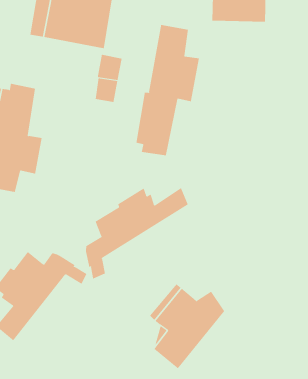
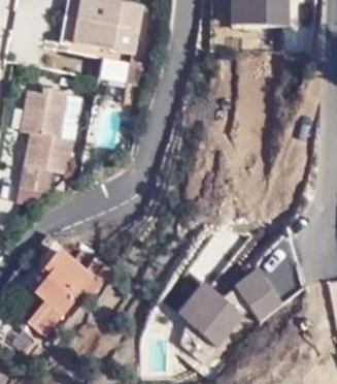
building: [136,24,200,156] -> none
building: [85,187,189,279] -> none

